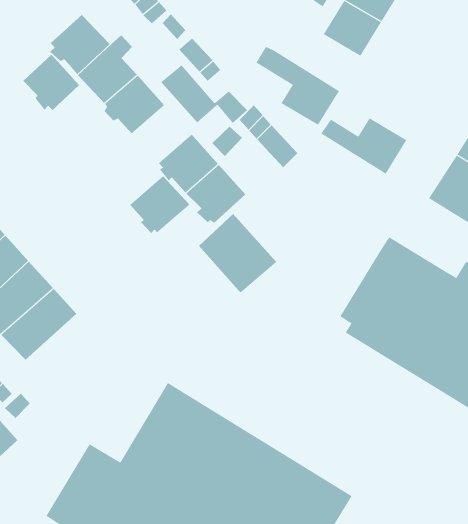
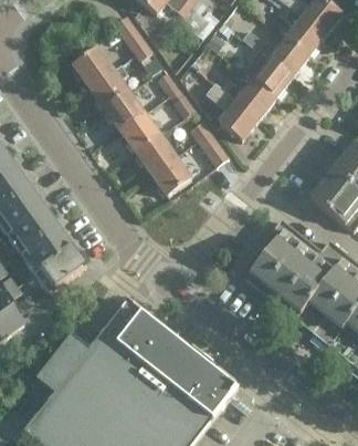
building: [23,54,80,111] -> none
building: [321,118,407,174] -> [221,77,277,118]
building: [130,176,190,234] -> [120,114,160,152]
building: [198,213,277,294] -> none
building: none -> [33,245,84,291]

